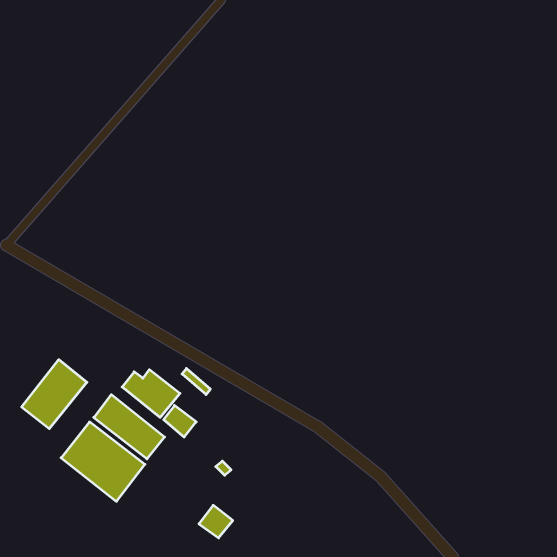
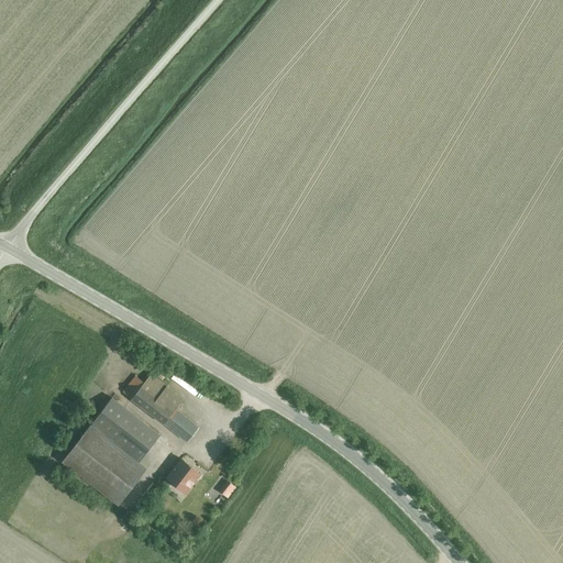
building: [22,360,87,429] -> none
building: [199,505,233,538] -> [166,459,200,492]

